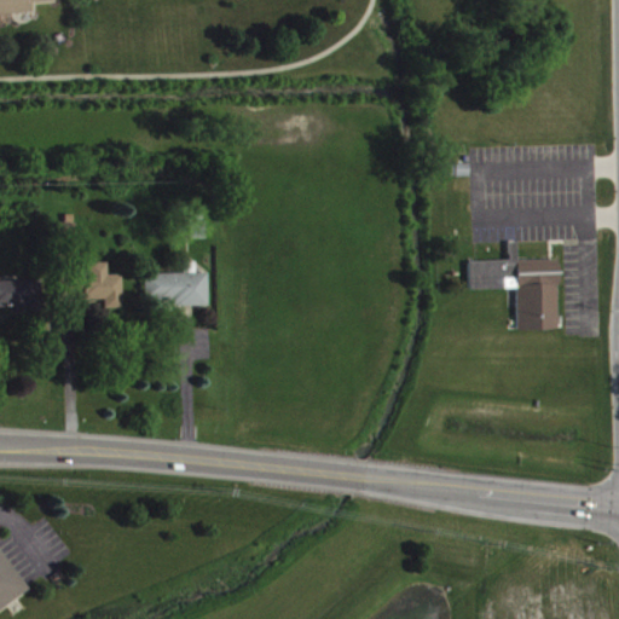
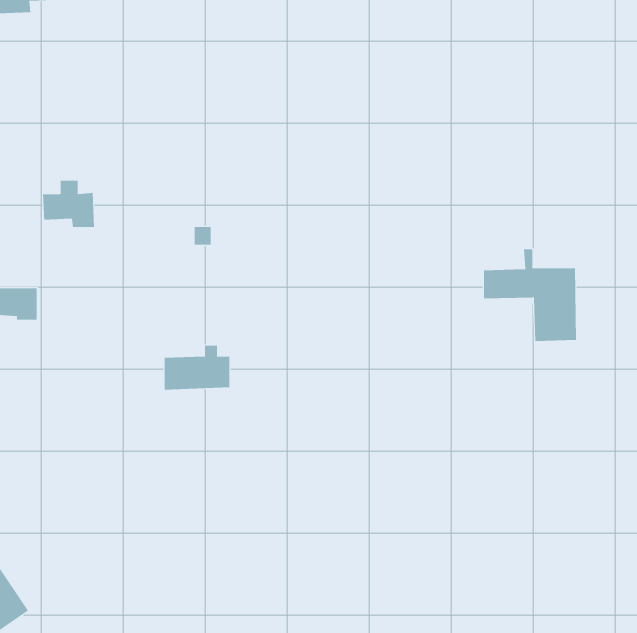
building: [71,261,122,307] -> [42,180,95,228]
building: [143,261,207,305] -> [164,345,230,390]

